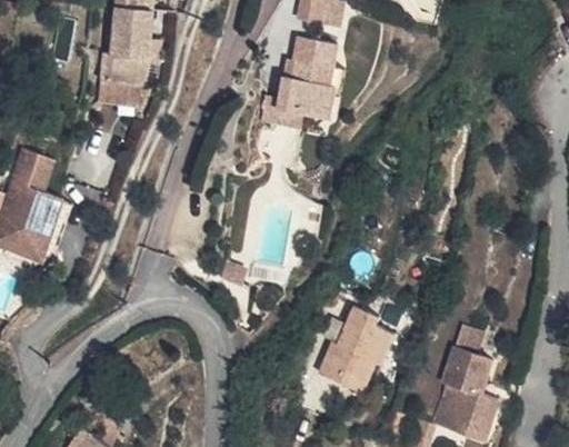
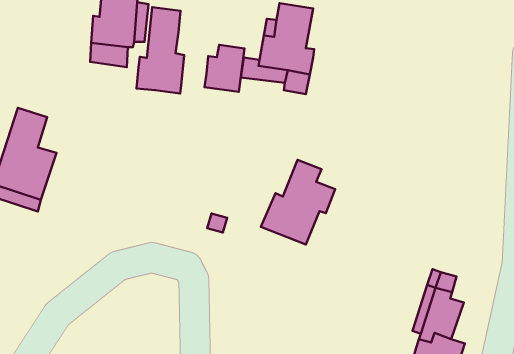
building: none -> [136,7,184,94]
building: none -> [205,45,245,92]
building: [316,302,395,393] -> [261,160,335,245]

